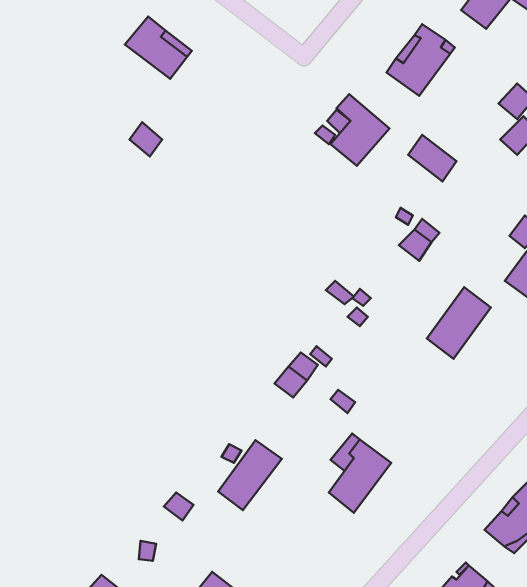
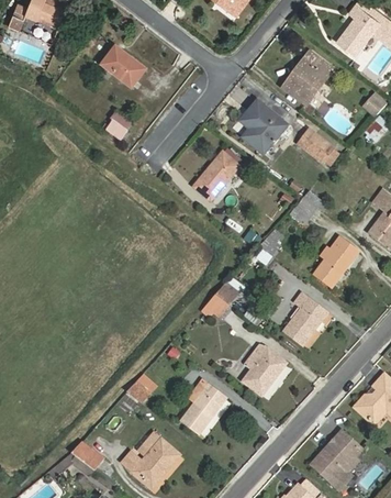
building: none -> [193,150,241,200]
building: none -> [283,294,328,345]
building: [218,440,282,510] -> [181,384,226,433]

